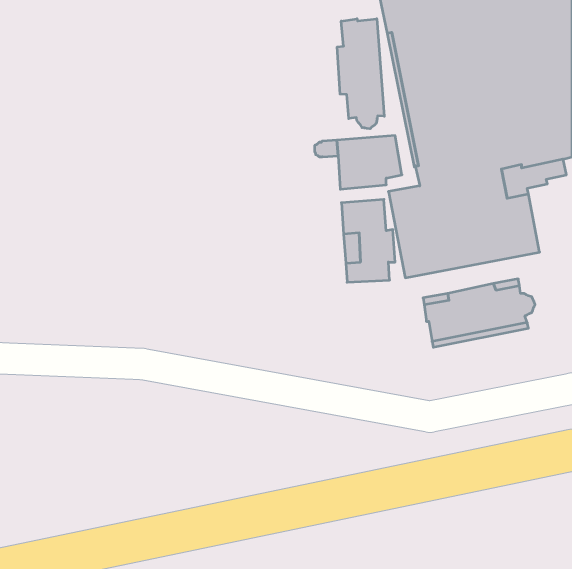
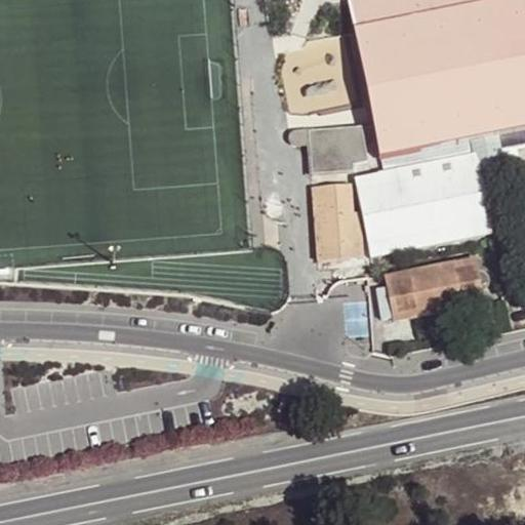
building: [337,19,384,129] -> none

